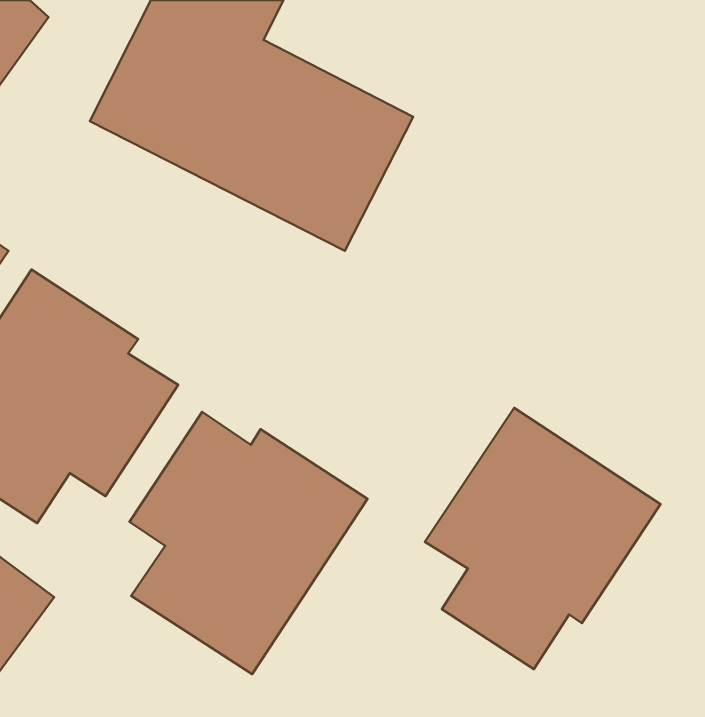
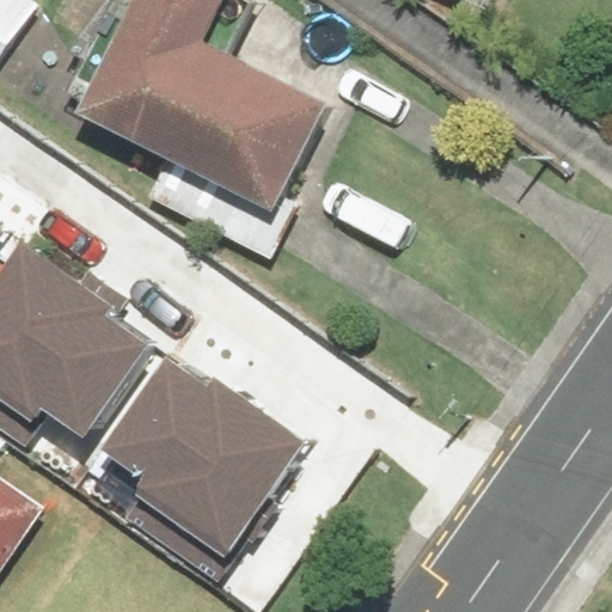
building: [425,408,661,669] -> none

